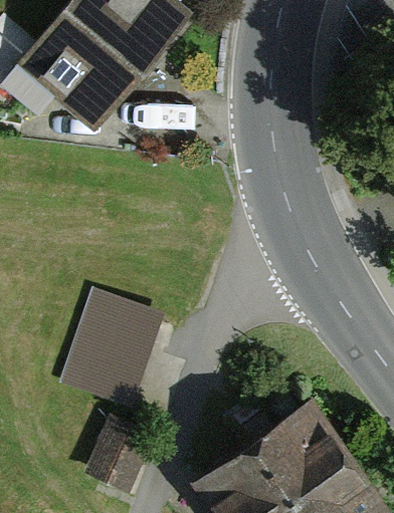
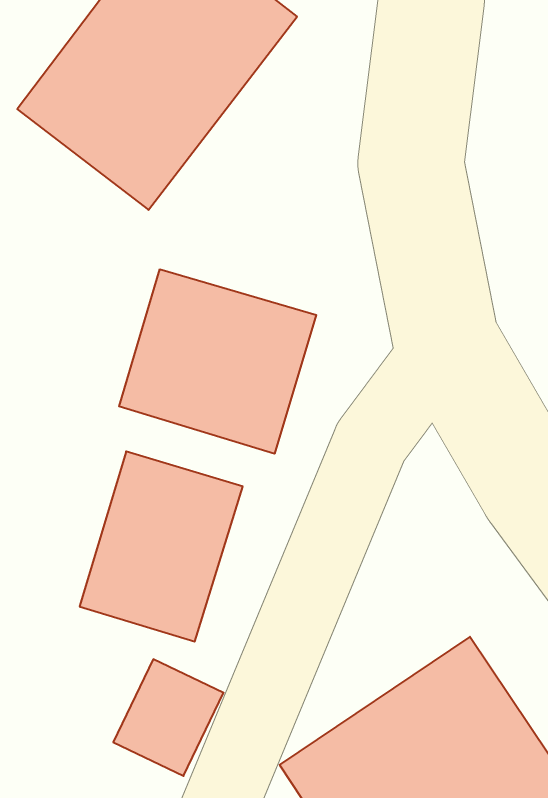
building: none -> [119,269,316,454]

